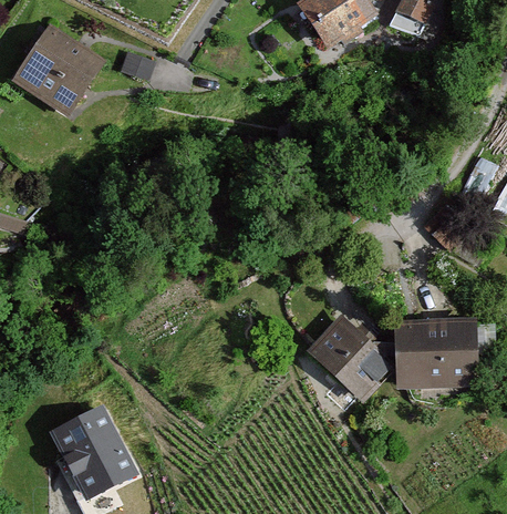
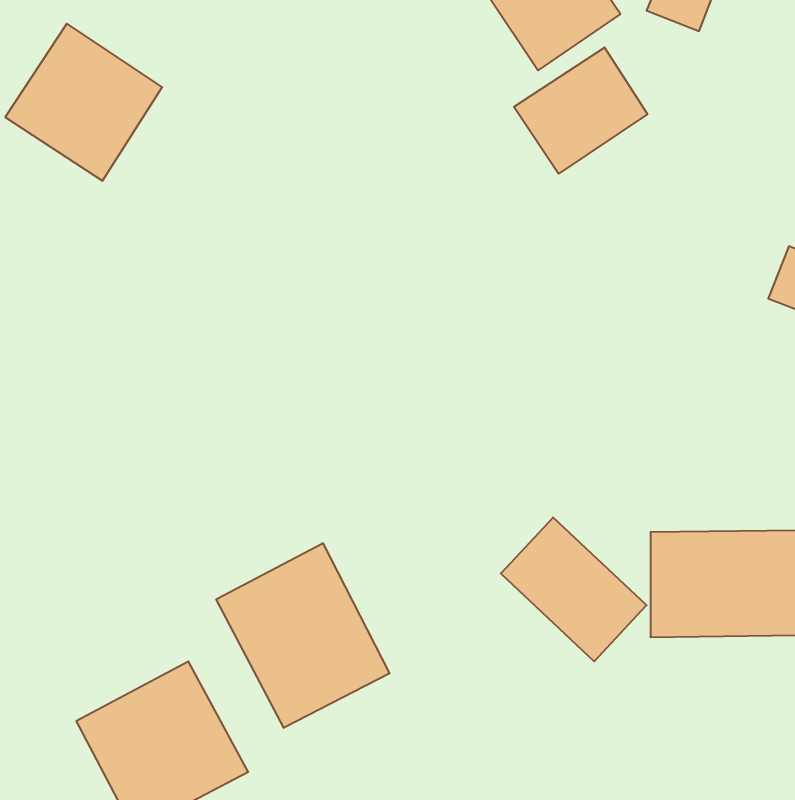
building: none -> [514,47,647,174]
building: none -> [216,543,390,728]

